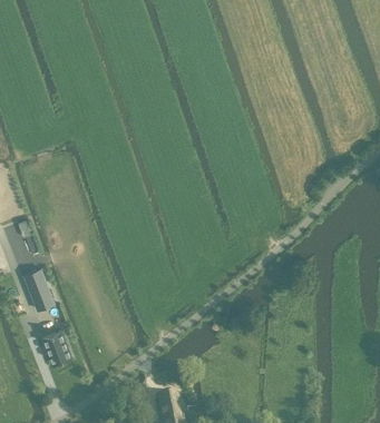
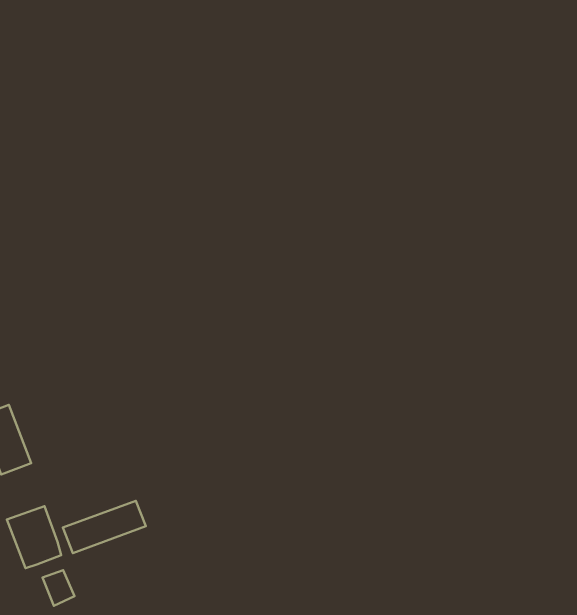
building: none -> [63,501,146,553]

